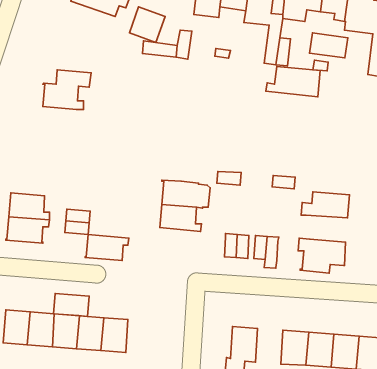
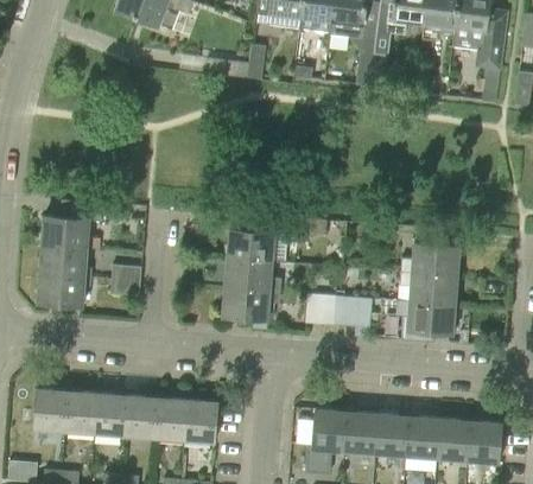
building: [129,7,165,43] -> none
building: [309,33,348,58] -> none
building: [266,66,320,97] -> none
building: [43,70,91,109] -> [43,199,102,248]
building: none -> [398,272,456,305]
building: [85,234,129,261] -> [222,287,275,319]
building: [54,294,89,316] -> none
building: none -> [184,400,217,442]
building: none -> [343,410,376,454]

